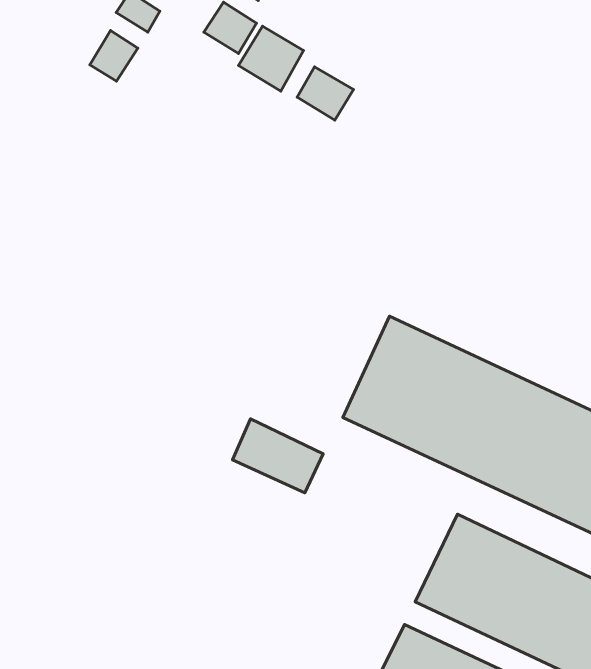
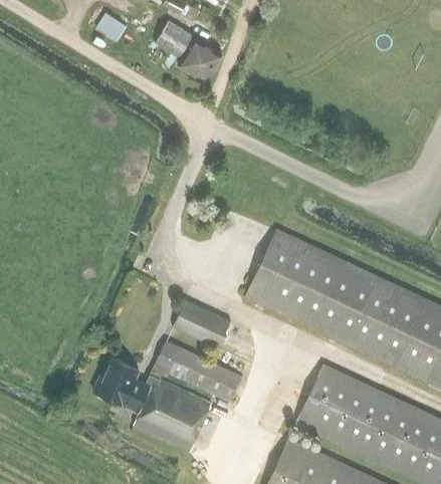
building: [90,31,138,81] -> none
building: [297,67,354,120] -> none
building: none -> [94,339,244,447]

